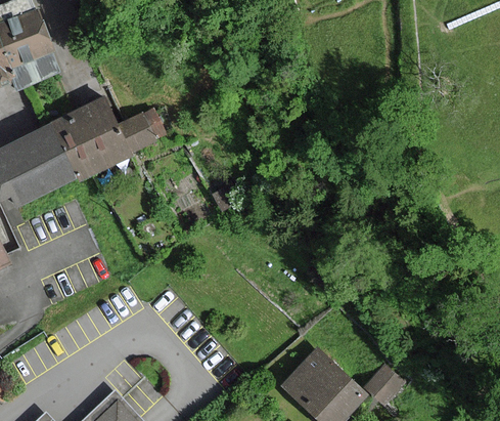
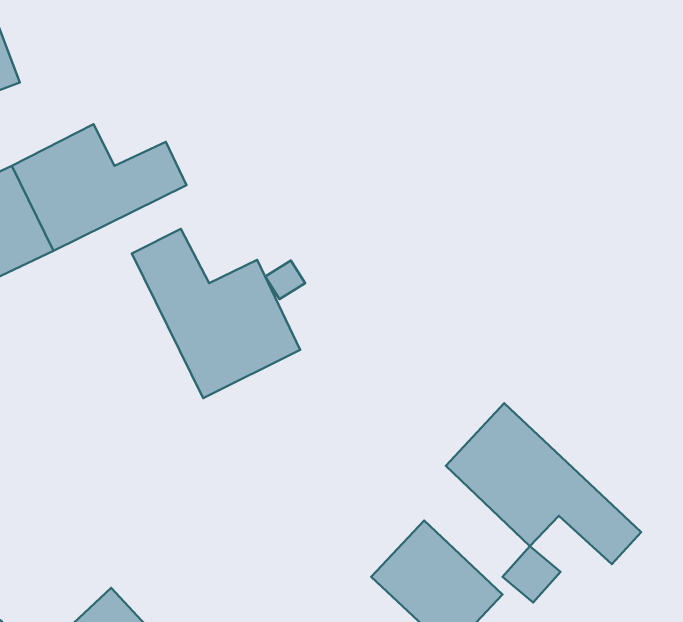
building: none -> [132,229,300,398]
building: none -> [446,403,641,564]

